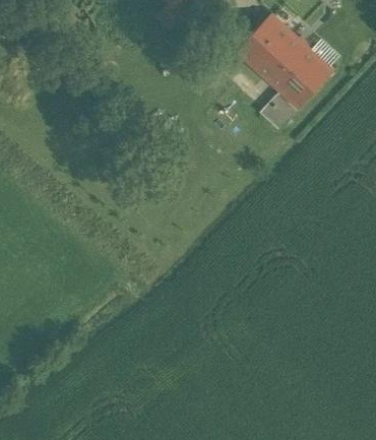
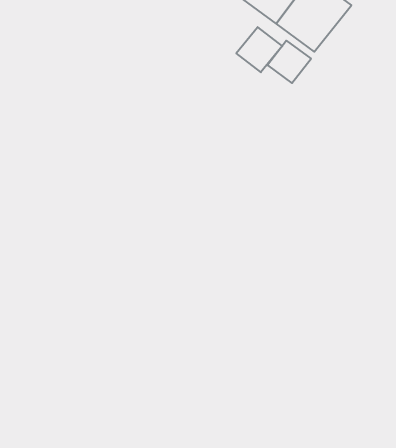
building: none -> [236,27,282,72]

